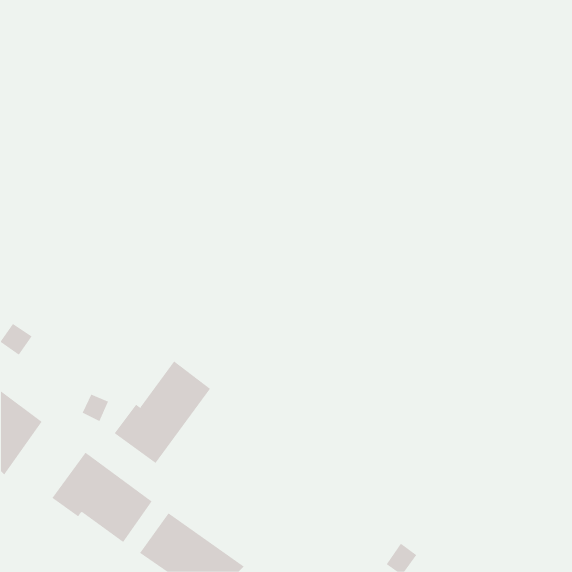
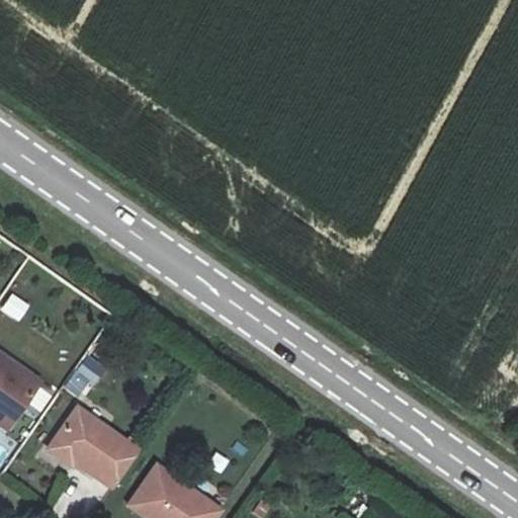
building: [114,360,211,464] -> none

